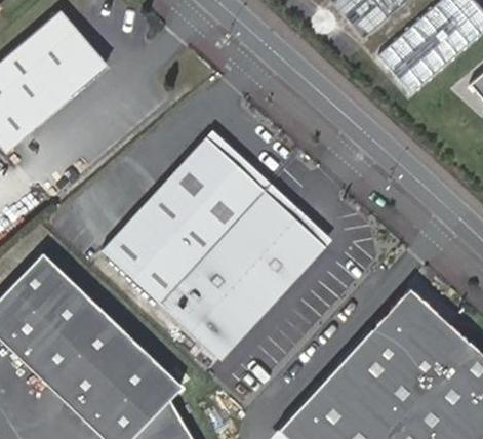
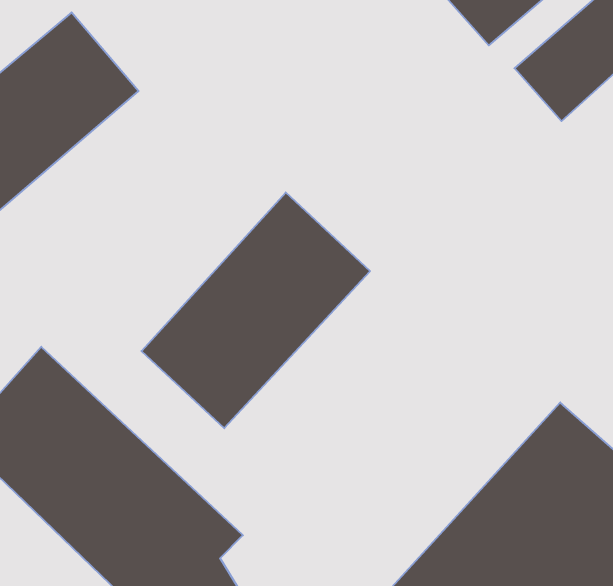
building: [169,198,326,360] -> none

